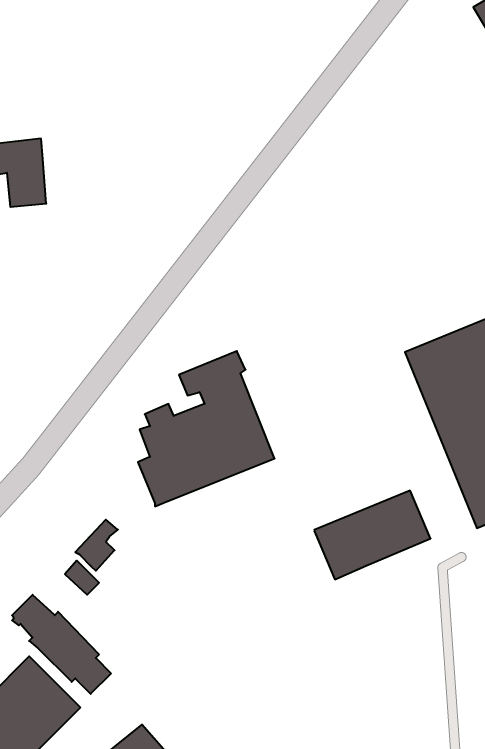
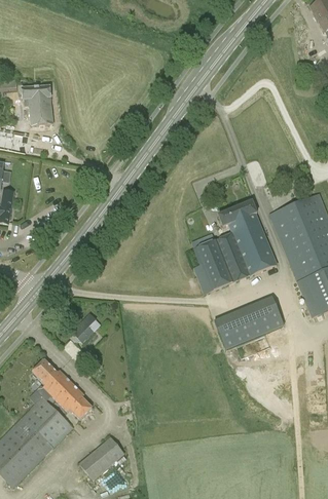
building: [138,351,275,506] -> [193,201,276,295]

